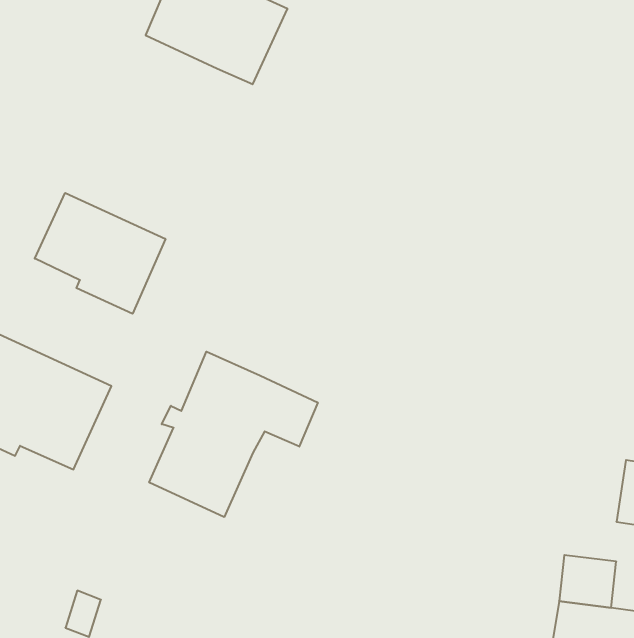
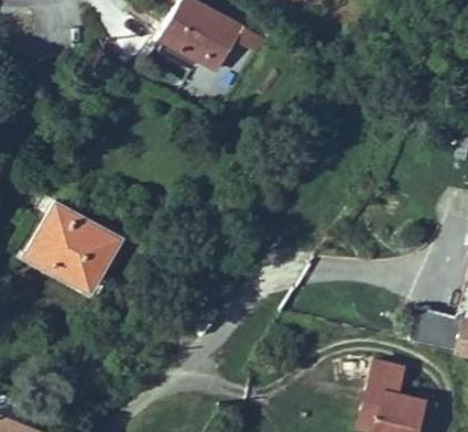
building: [35,193,165,314] -> none
building: [149,352,318,517] -> none

